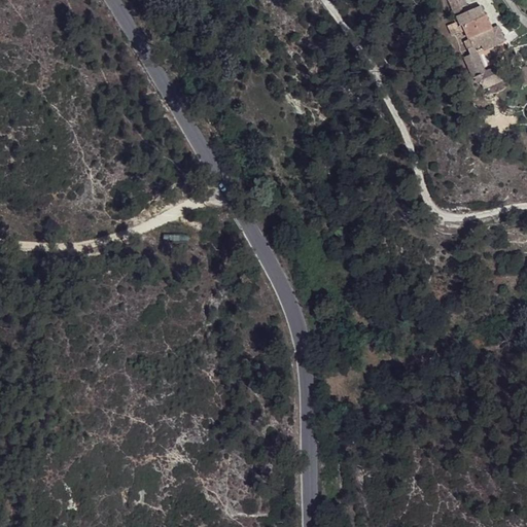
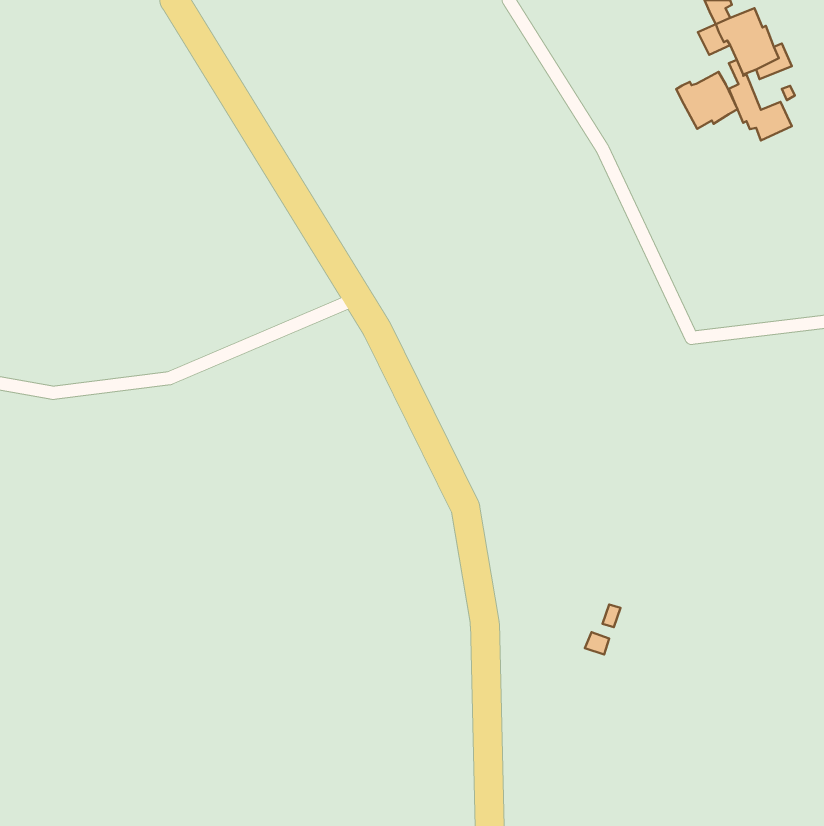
building: none -> [676,72,737,129]

